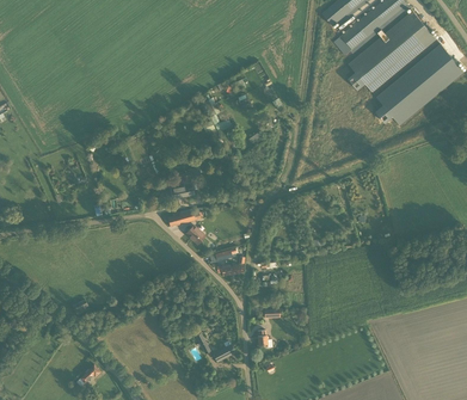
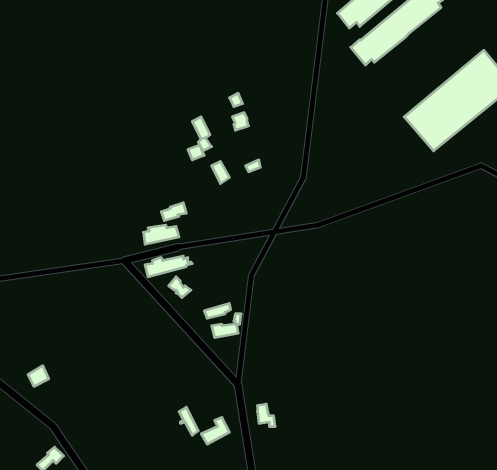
building: [346,10,435,91] -> none

